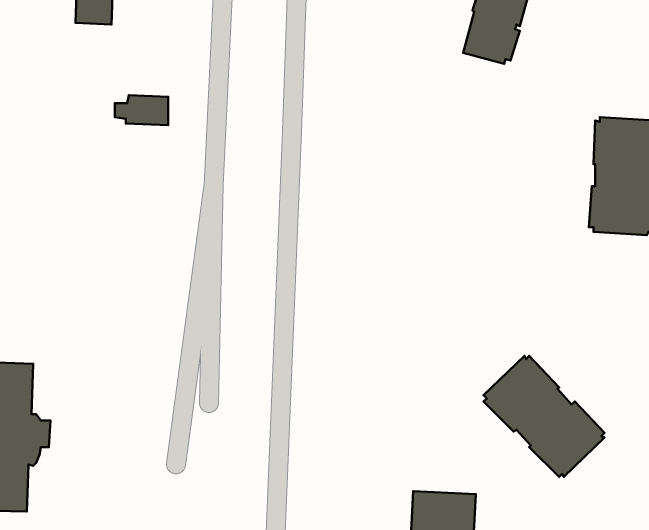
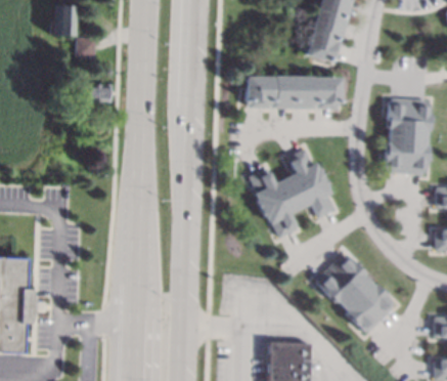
building: none -> [77,37,97,58]
building: none -> [245,76,340,110]
building: none -> [251,149,338,239]

